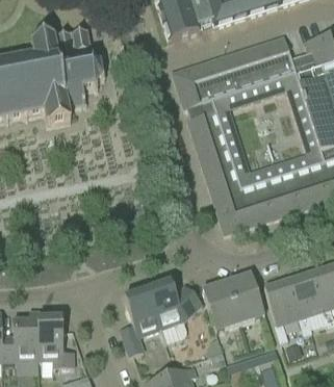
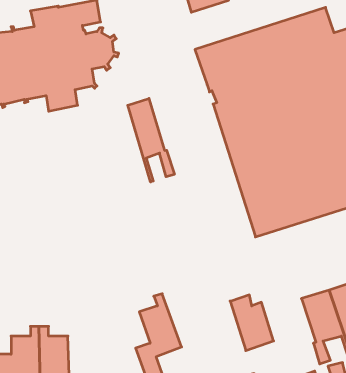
building: none -> [128,98,174,182]
building: [229,272,264,321] -> none
building: [144,278,202,340] -> none

